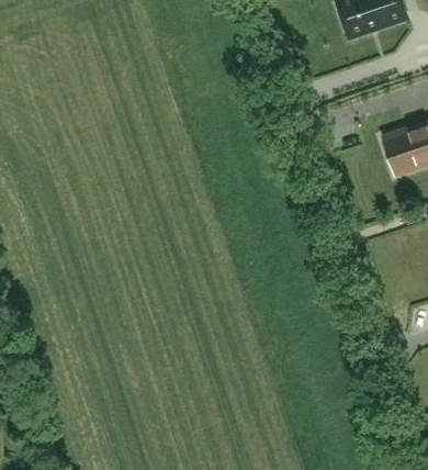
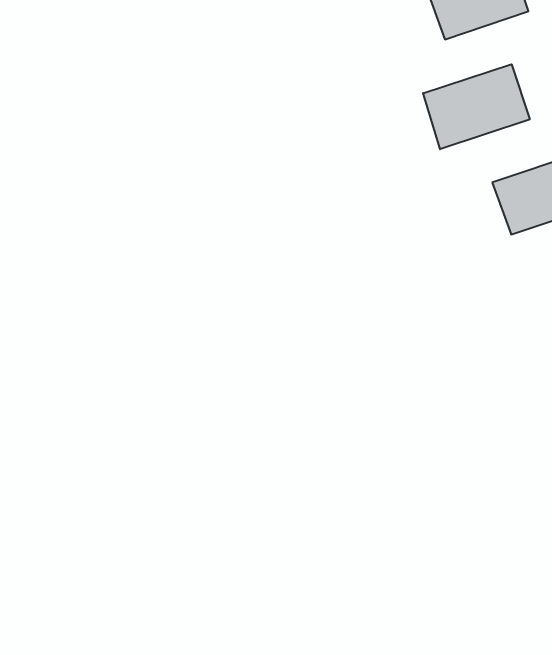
building: none -> [423,64,530,149]

